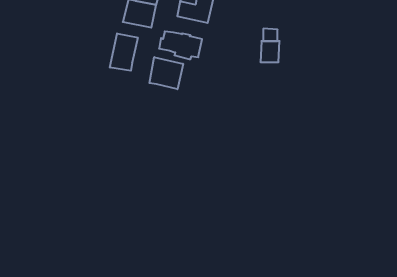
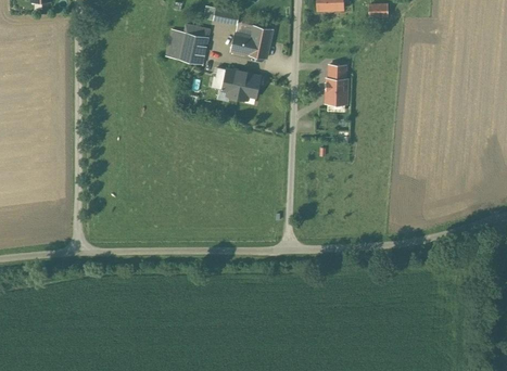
building: [110,33,138,71] -> none
building: [149,57,183,89] -> none

